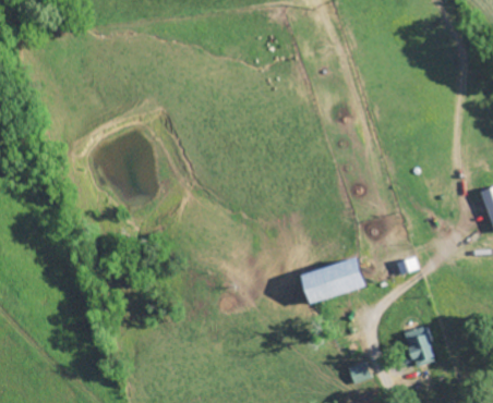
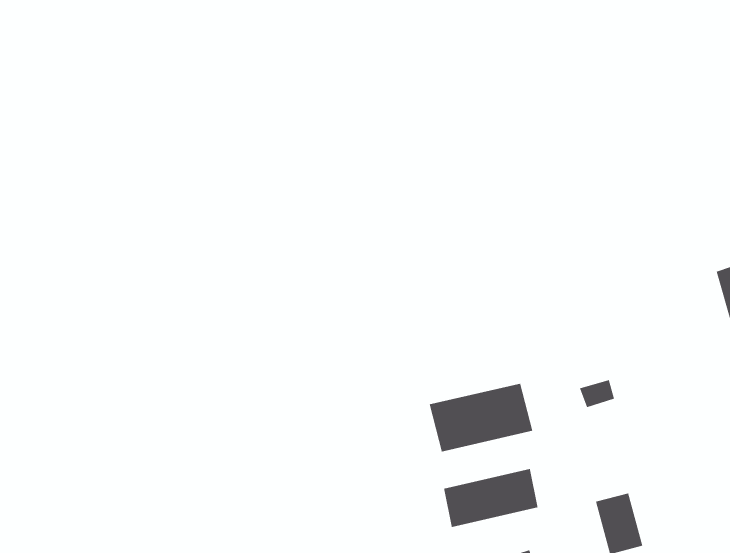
building: none -> [443,468,538,528]

